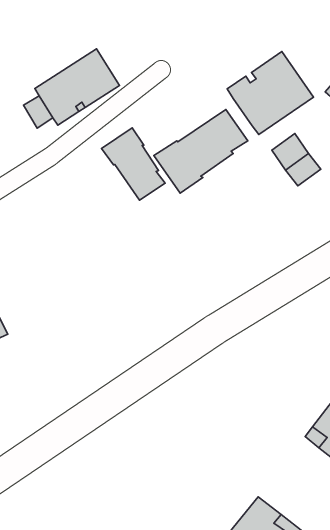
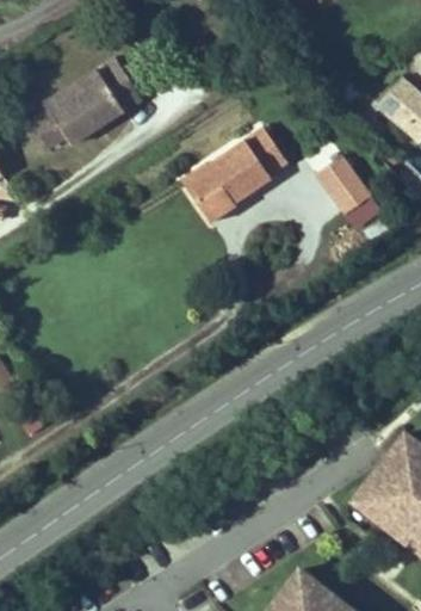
building: [227,52,314,135] -> none
building: [102,128,165,200] -> none

